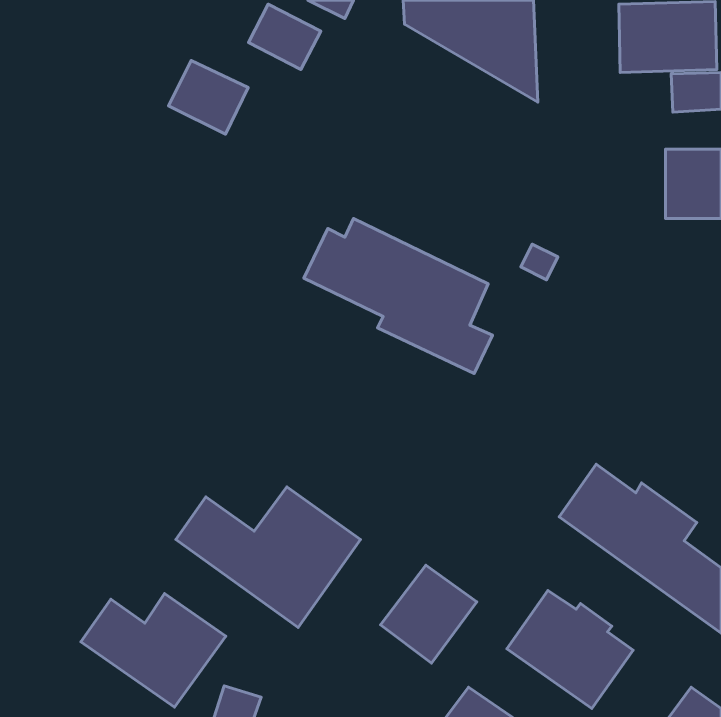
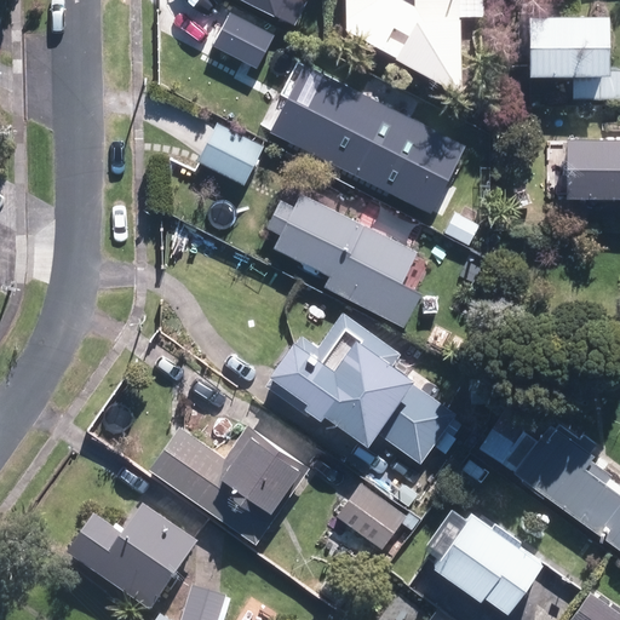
building: [169,60,248,134] -> [196,124,264,186]
building: none -> [275,70,458,214]
building: none -> [270,318,457,463]

